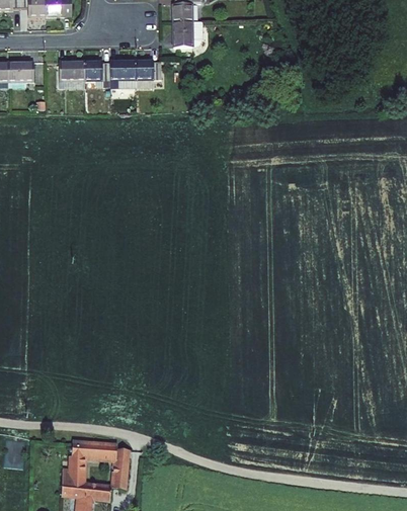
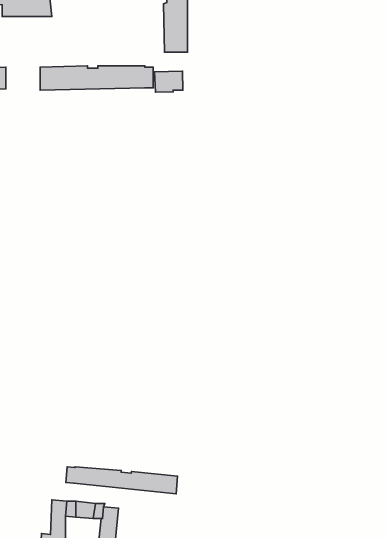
building: none -> [154,71,183,92]
building: none -> [66,467,177,494]

